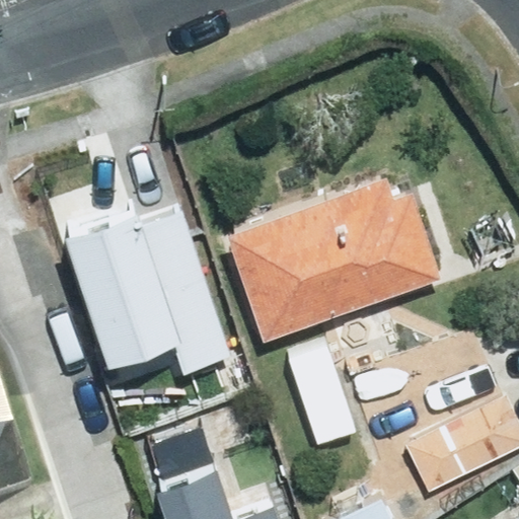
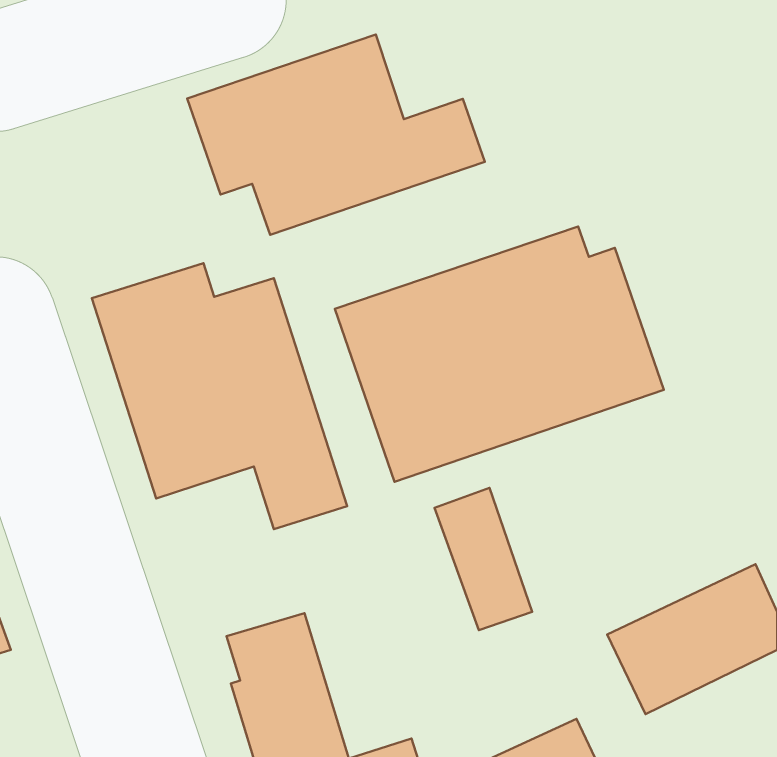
building: none -> [187,34,485,235]

